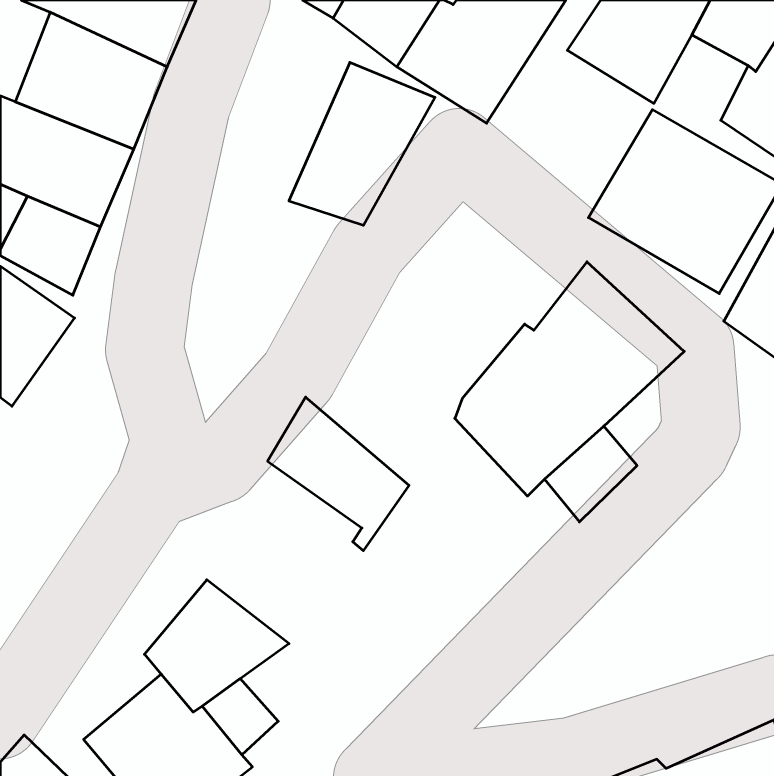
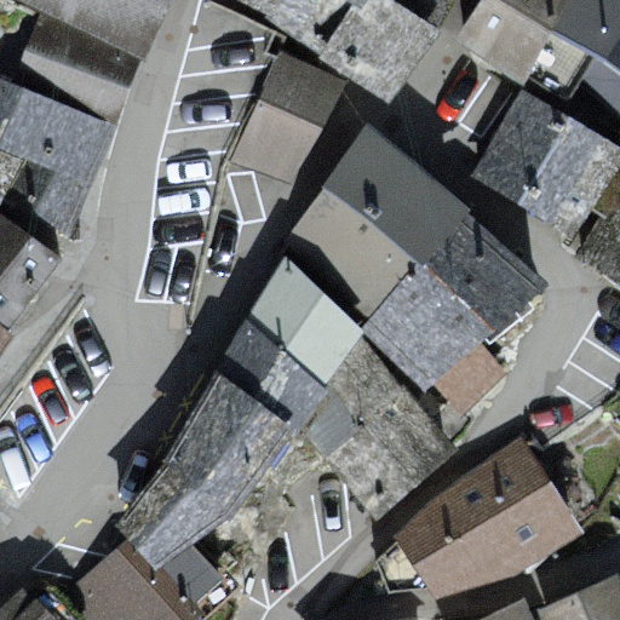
building: none -> [286,125,470,318]
building: none -> [246,256,363,388]
building: none -> [167,368,291,513]
building: none -> [402,442,580,589]

